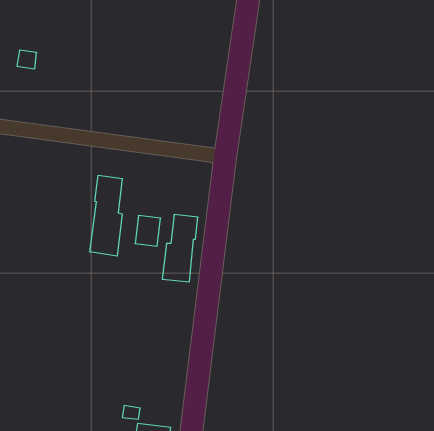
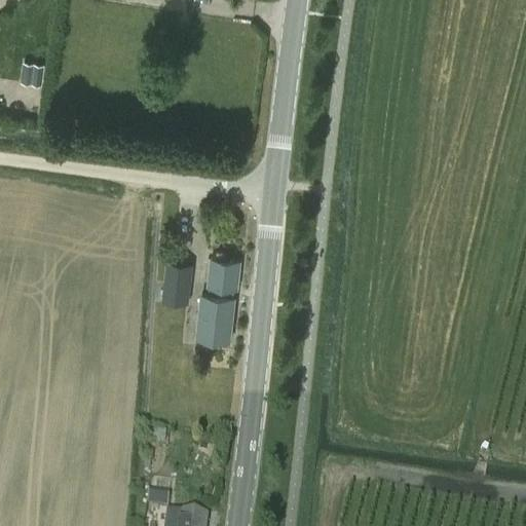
building: [90,175,122,256] -> none

